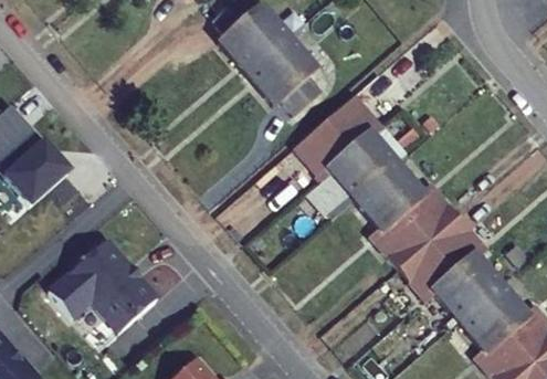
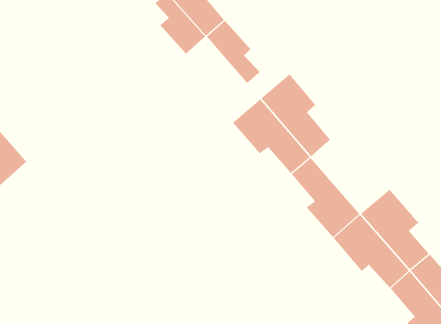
building: [241,51,305,112] -> none
building: [372,159,455,238] -> none
building: [57,243,167,336] -> none

